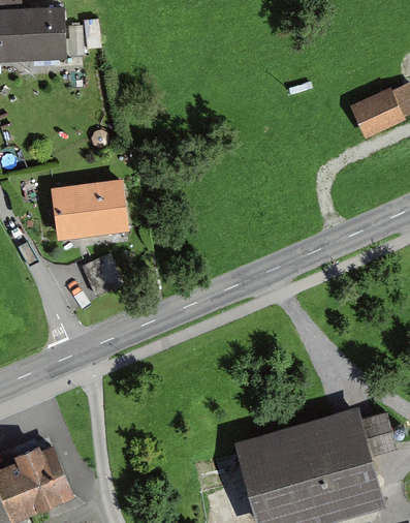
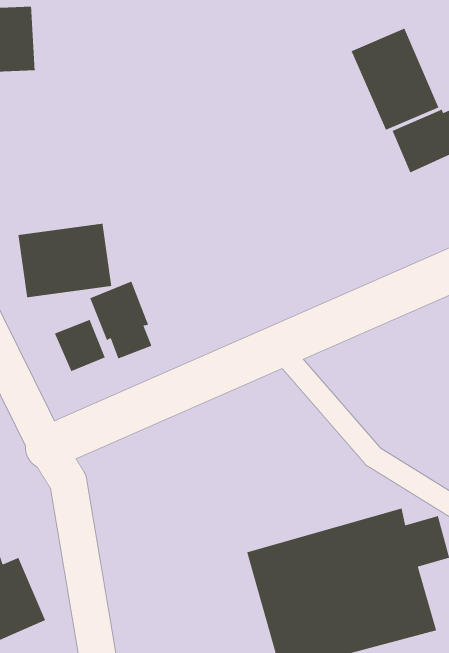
building: none -> [351,28,440,131]
building: none -> [89,280,152,359]

